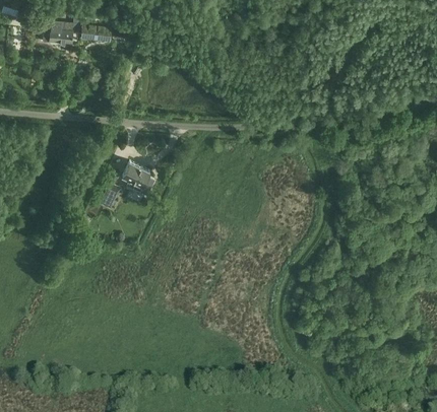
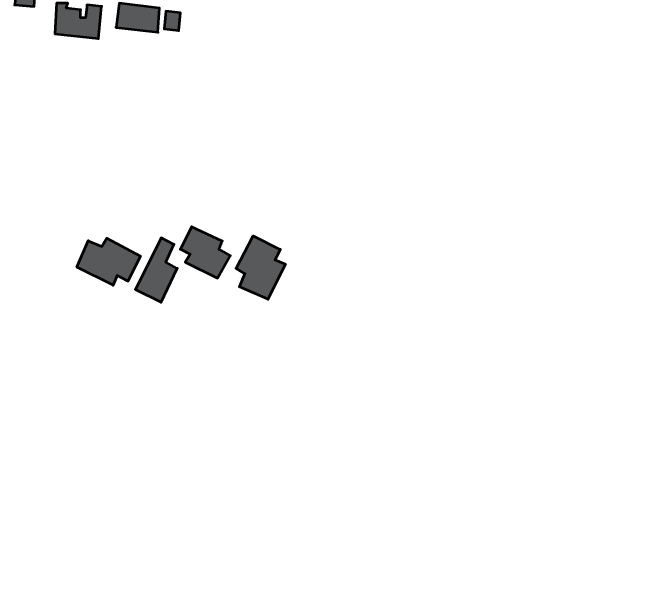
building: none -> [236,236,285,299]
building: none -> [77,238,140,285]

